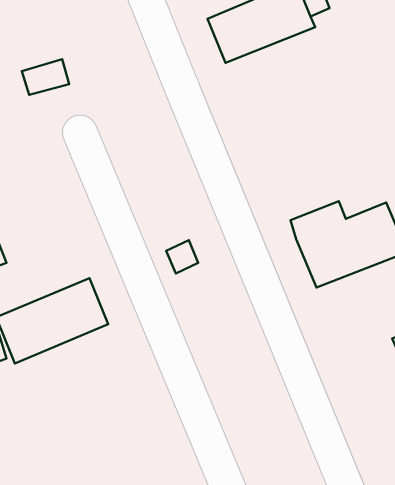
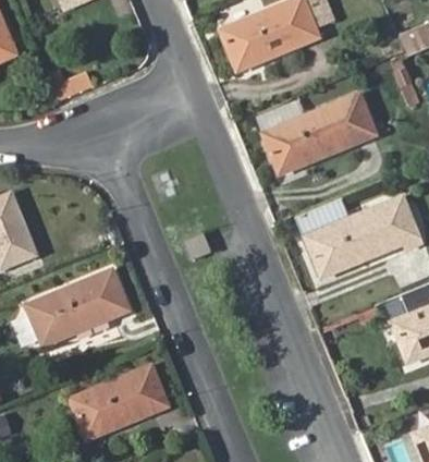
building: none -> [263,99,363,173]
building: none -> [70,364,168,440]

